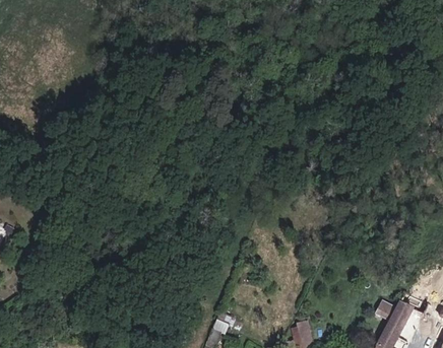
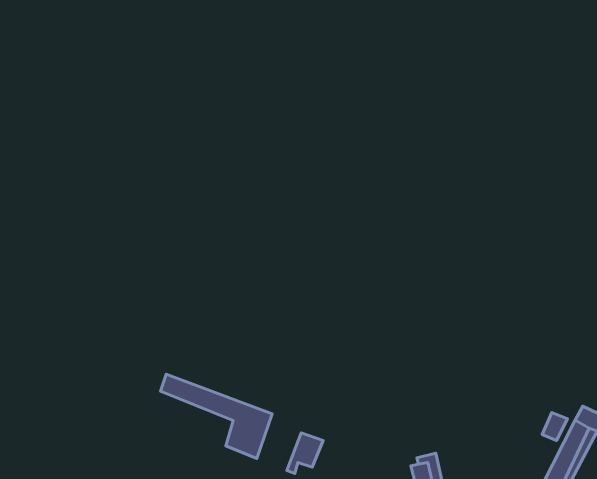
building: none -> [160,374,272,458]

